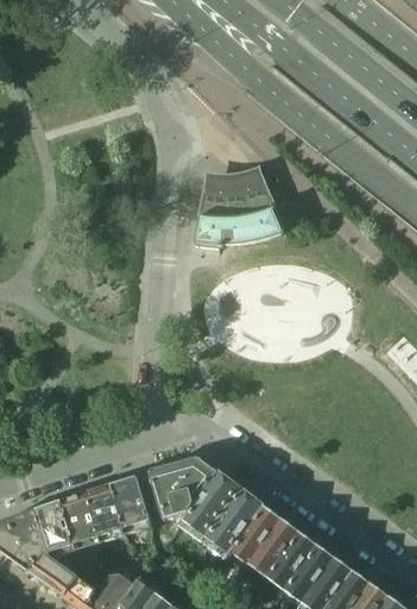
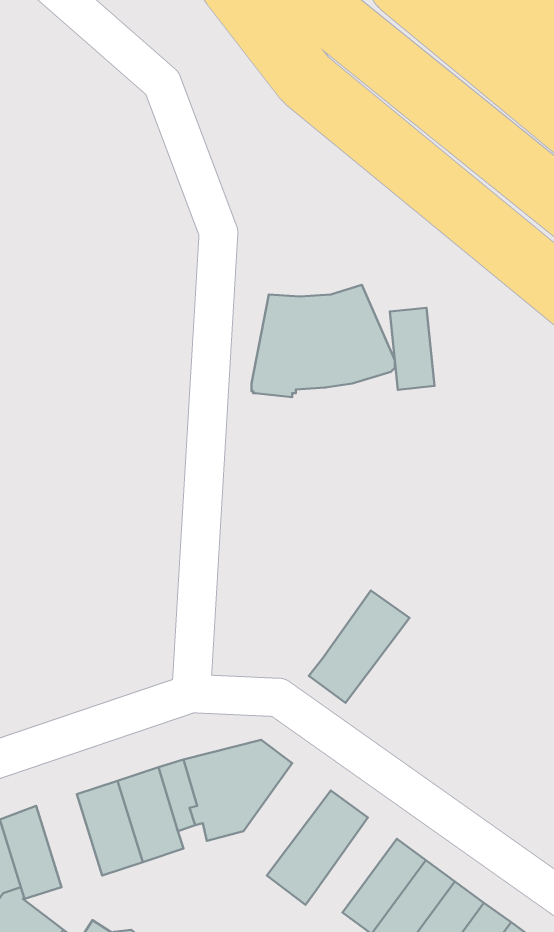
building: none -> [390,308,435,390]
building: [181,472,242,541] -> [309,591,410,703]
building: [62,491,102,548] -> none
building: [233,506,283,564] -> none

